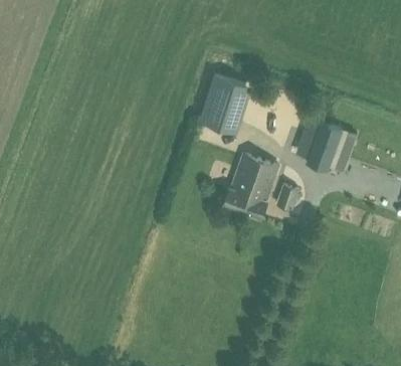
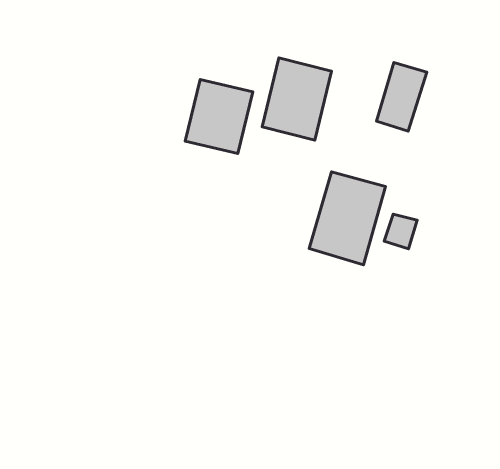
building: none -> [185,80,253,154]
building: [308,122,344,169] -> [376,62,427,131]

